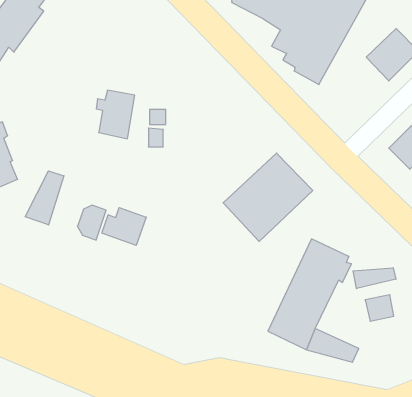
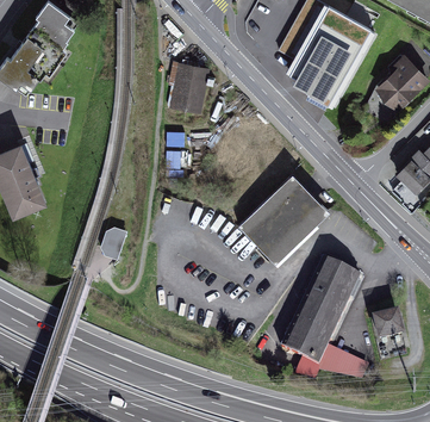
building: [96,90,135,139] -> [169,66,206,112]
building: [25,171,64,225] -> none
building: [102,208,146,245] -> none
building: [353,268,396,289] -> none

